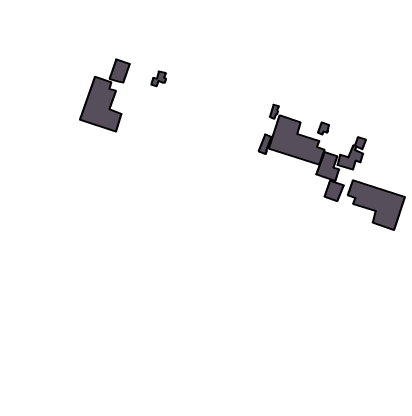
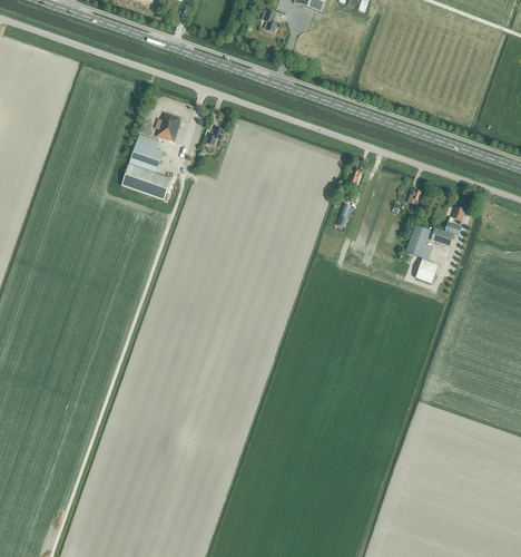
building: [269,115,324,165] -> none
building: [348,180,405,230] -> none

